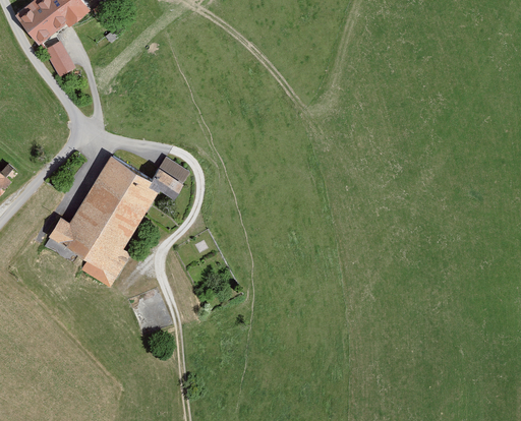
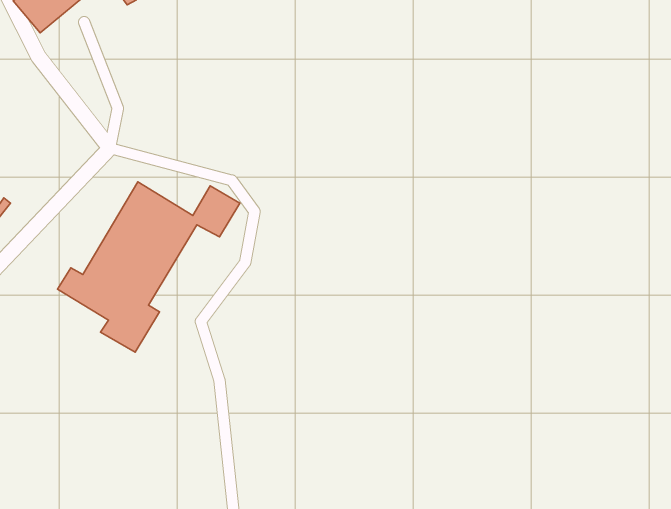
building: [47,42,72,73] -> none

